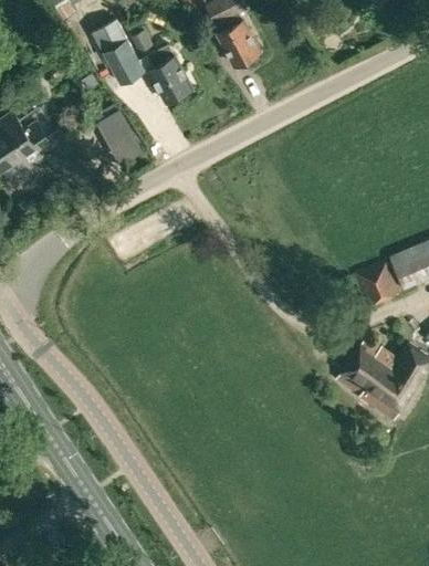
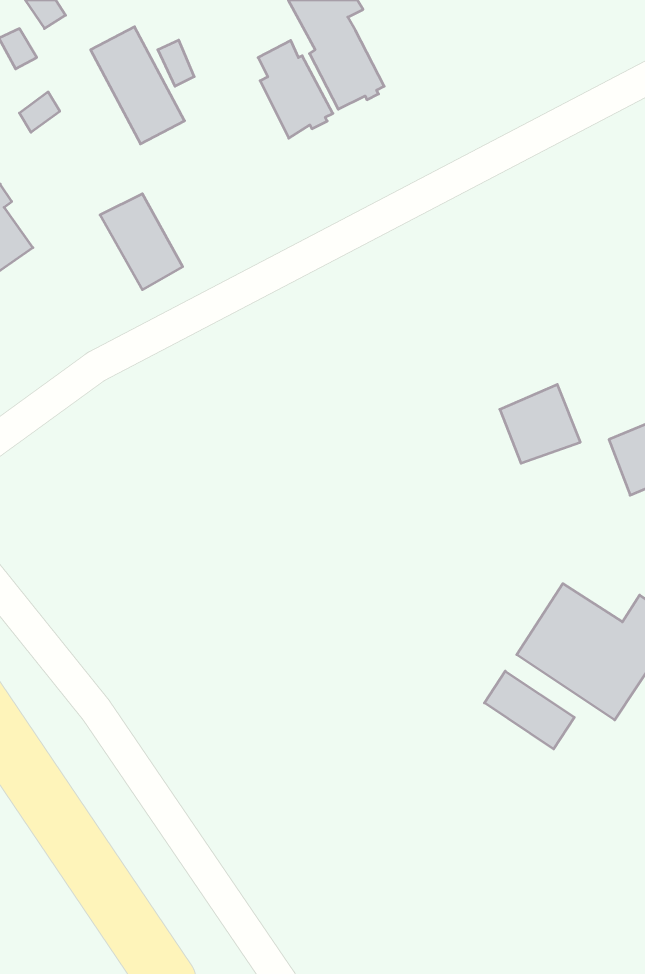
building: [149,46,192,103] -> [258,40,333,138]
building: [354,260,400,305] -> [500,384,580,463]
building: none -> [484,671,574,749]

